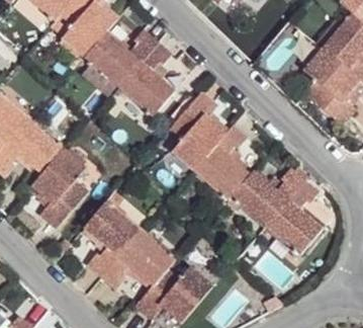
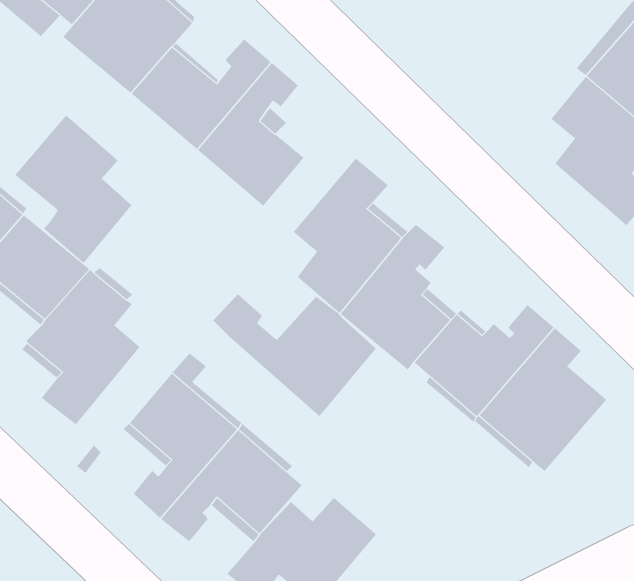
building: none -> [15,115,132,264]
building: none -> [212,294,376,417]

